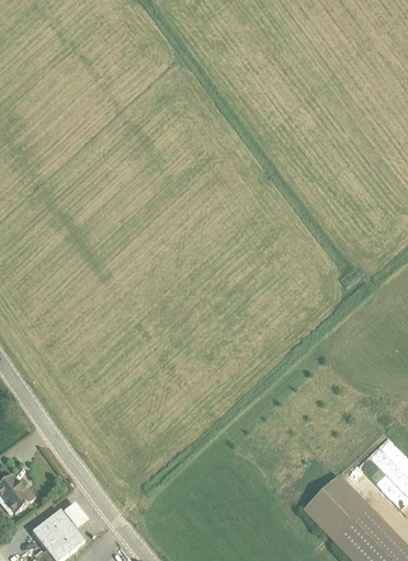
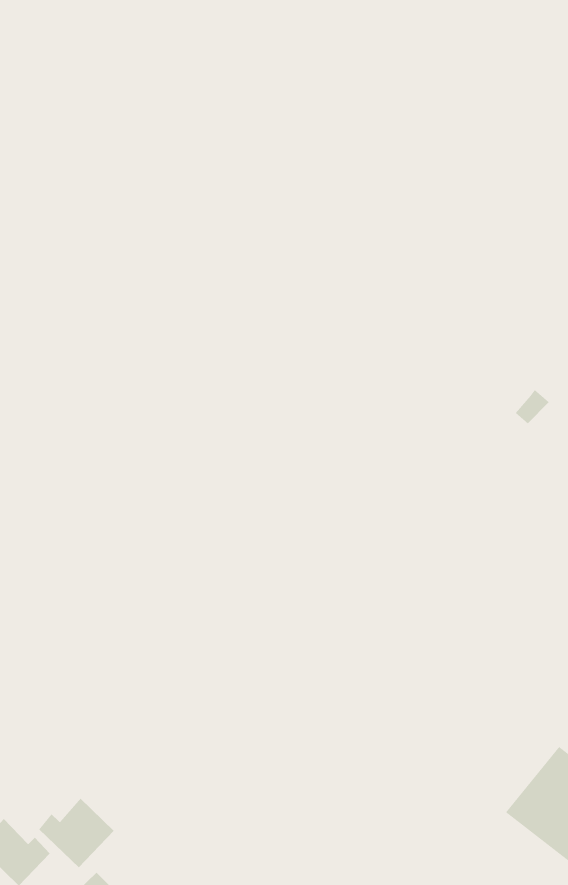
building: none -> [39,798,114,868]

